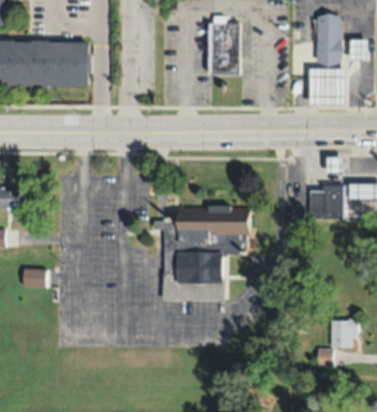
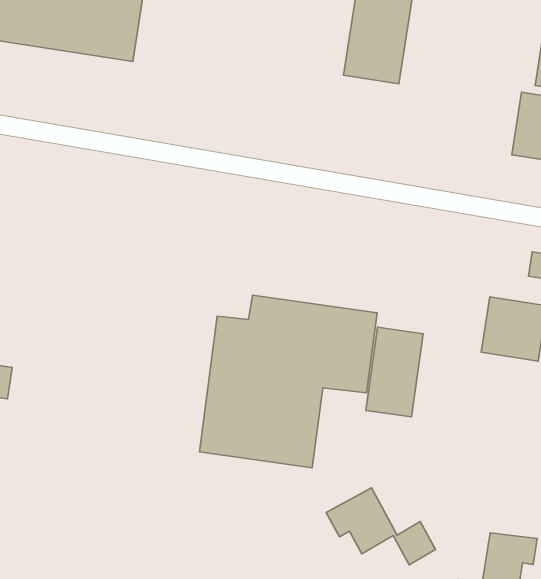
building: none -> [366,327,423,417]
building: none -> [326,488,435,565]

